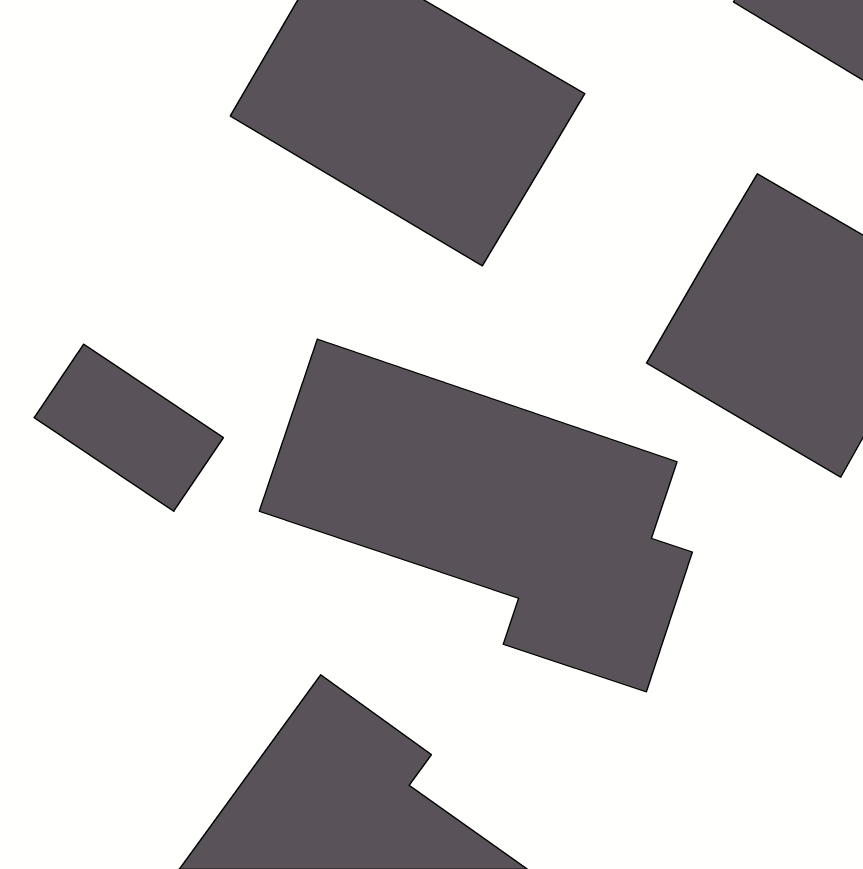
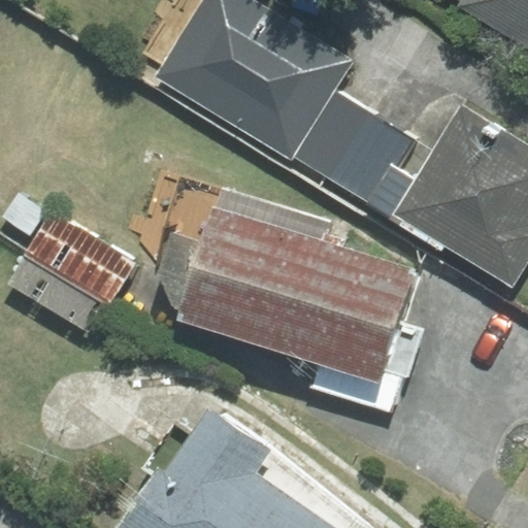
building: none -> [297,95,434,220]

